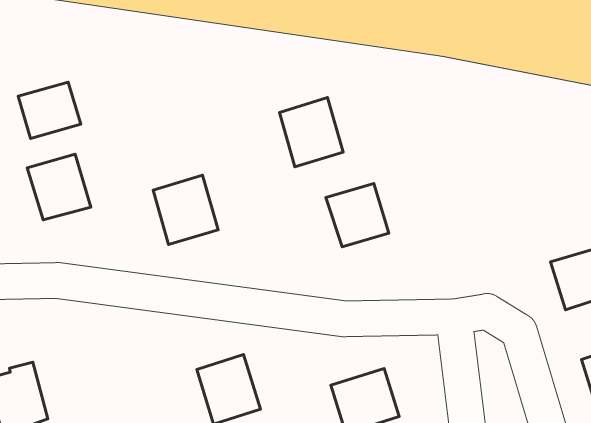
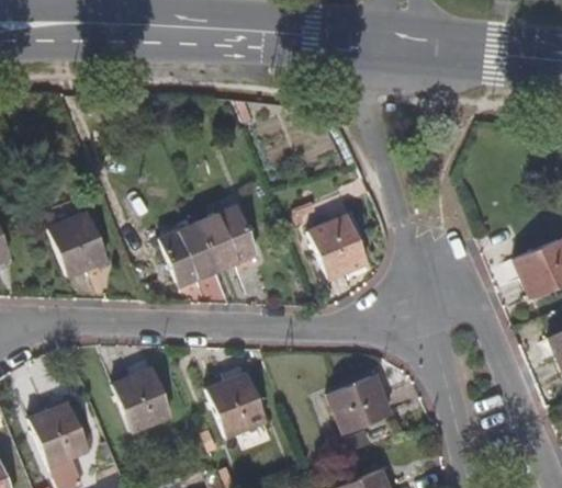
building: [18,82,81,138] -> none
building: [279,98,343,167] -> [199,204,258,268]
building: none -> [115,366,176,430]

